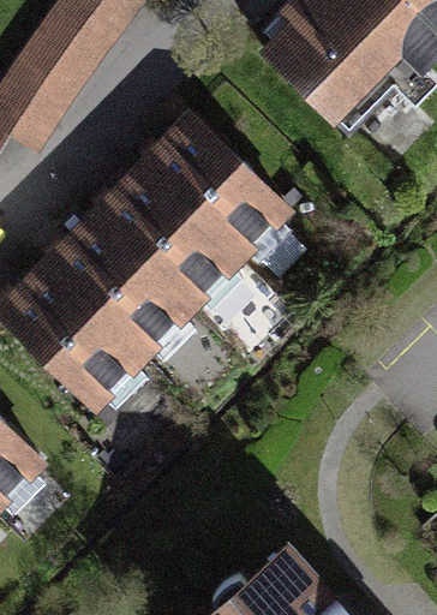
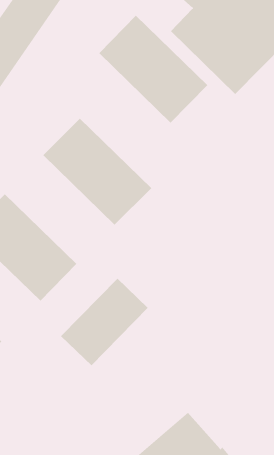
building: [144,113,288,256] -> [98,15,208,124]
building: [46,213,190,356] -> none
building: none -> [60,278,148,366]

